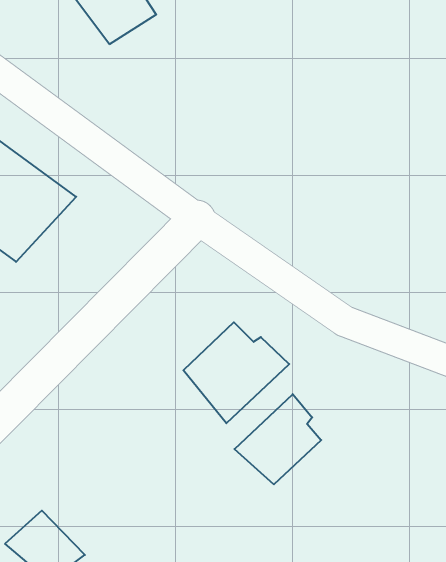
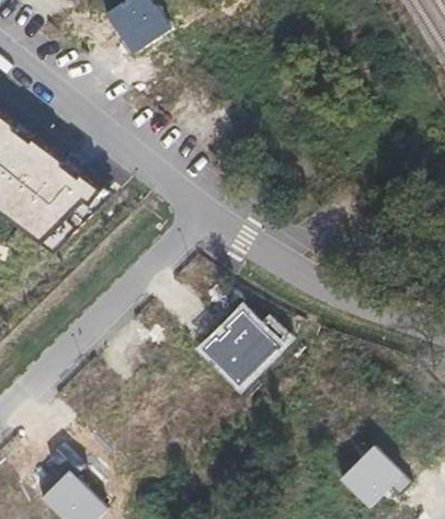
building: [234,394,321,484] -> none
building: none -> [338,446,413,508]

